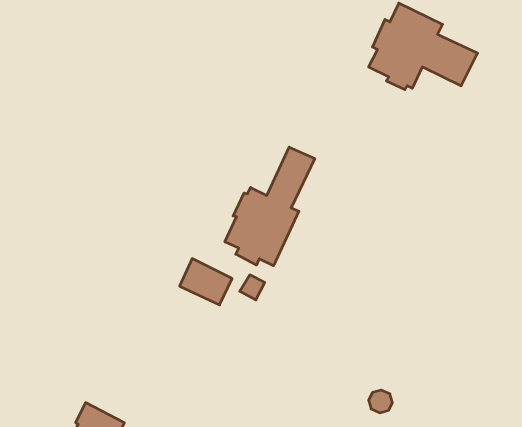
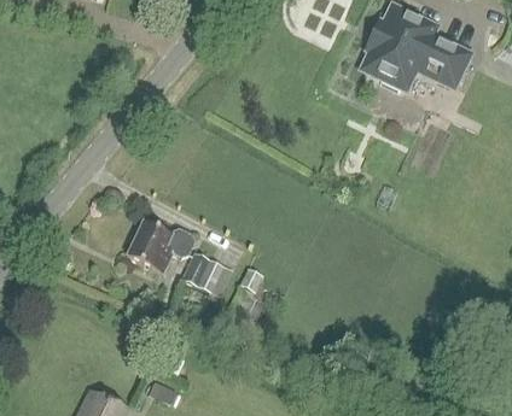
building: [225,147,315,266] -> none
building: none -> [126,219,192,271]

